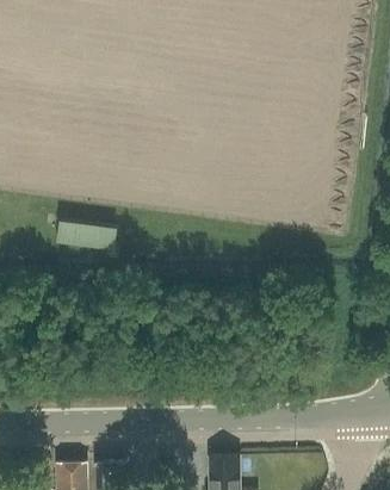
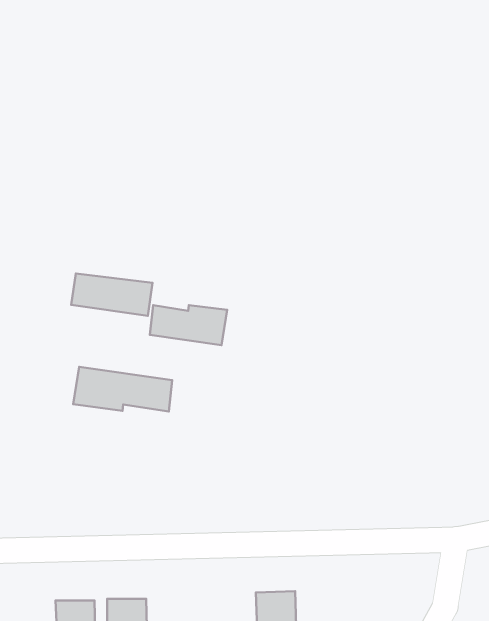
building: none -> [150,305,227,345]
building: none -> [73,367,172,412]

